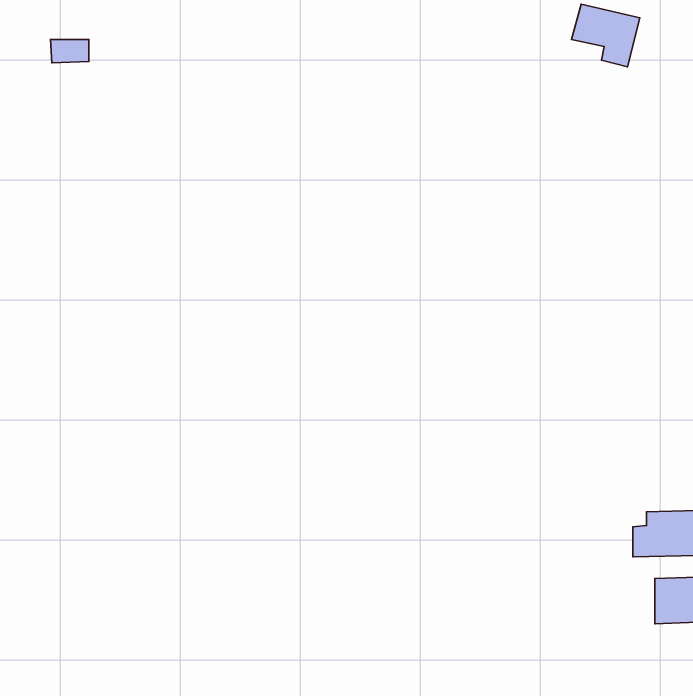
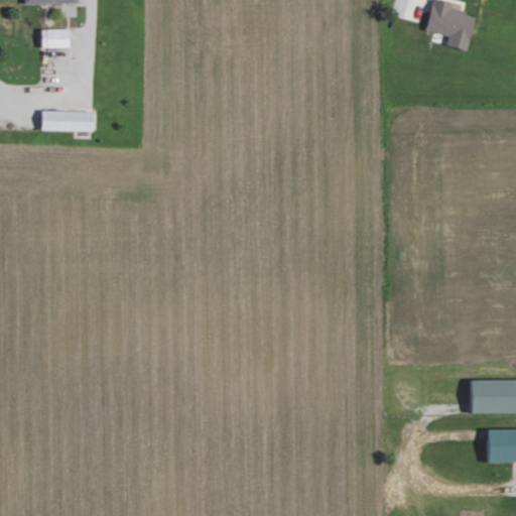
building: none -> [40,111,94,132]

